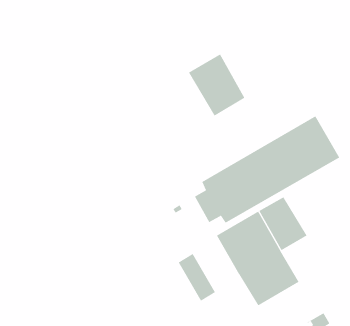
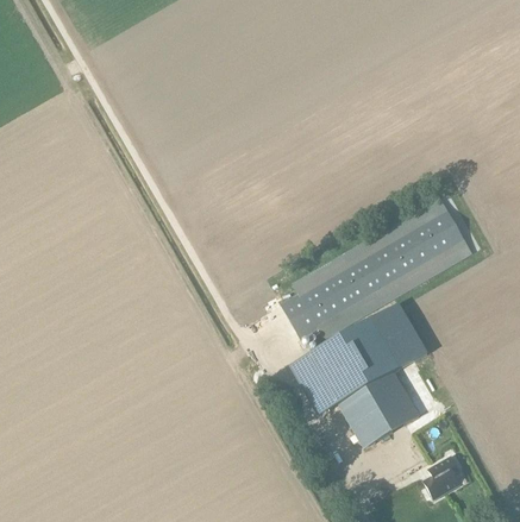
building: [188,54,245,116] -> none
building: [178,253,216,301] -> [289,354,339,417]

